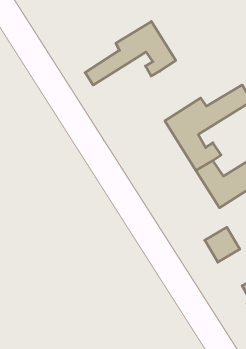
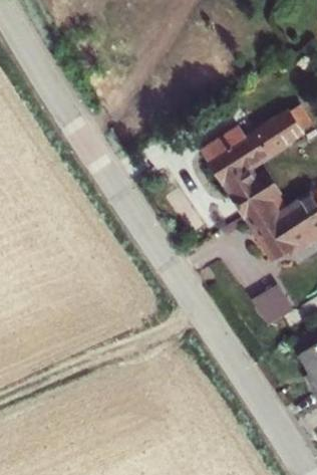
building: [85,21,176,85] -> none

